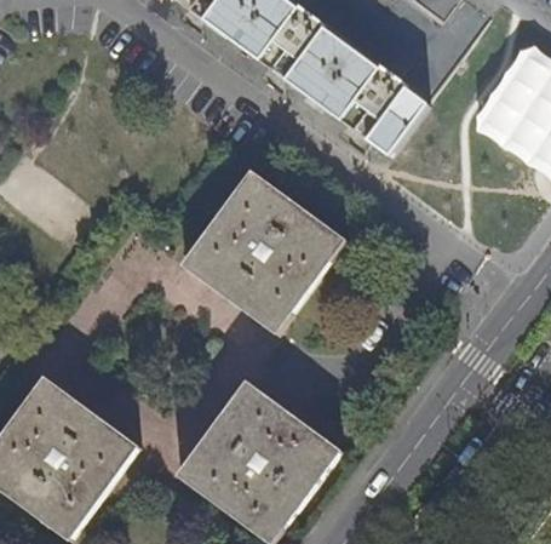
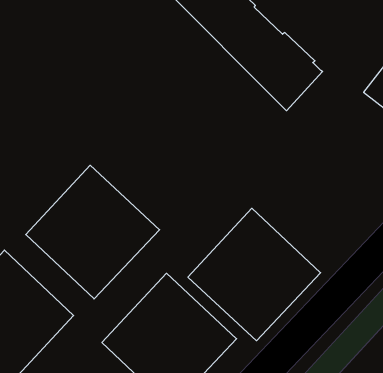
building: [184,168,348,332] -> [26,165,160,299]
building: none -> [188,208,321,341]

